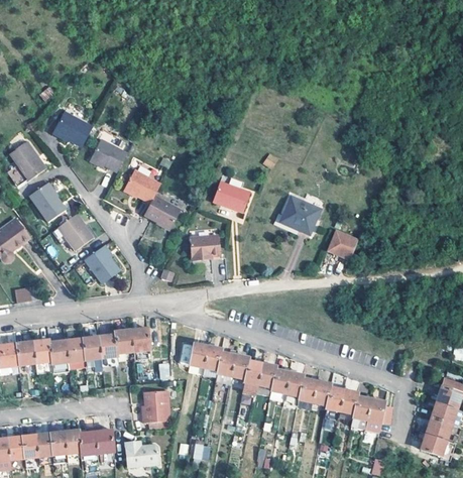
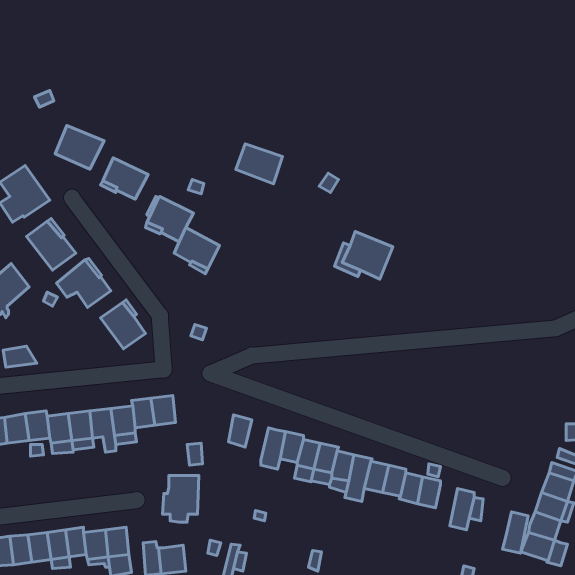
building: [211,181,247,212] -> [236,144,283,184]
building: [327,228,358,257] -> none
building: [195,237,224,262] -> none
building: [201,340,222,375] -> none
building: [348,394,368,427] -> [502,512,528,553]

